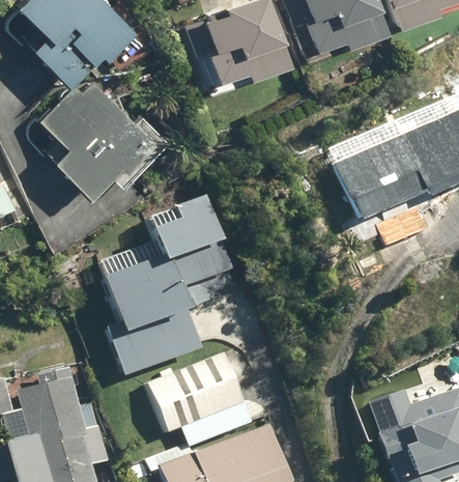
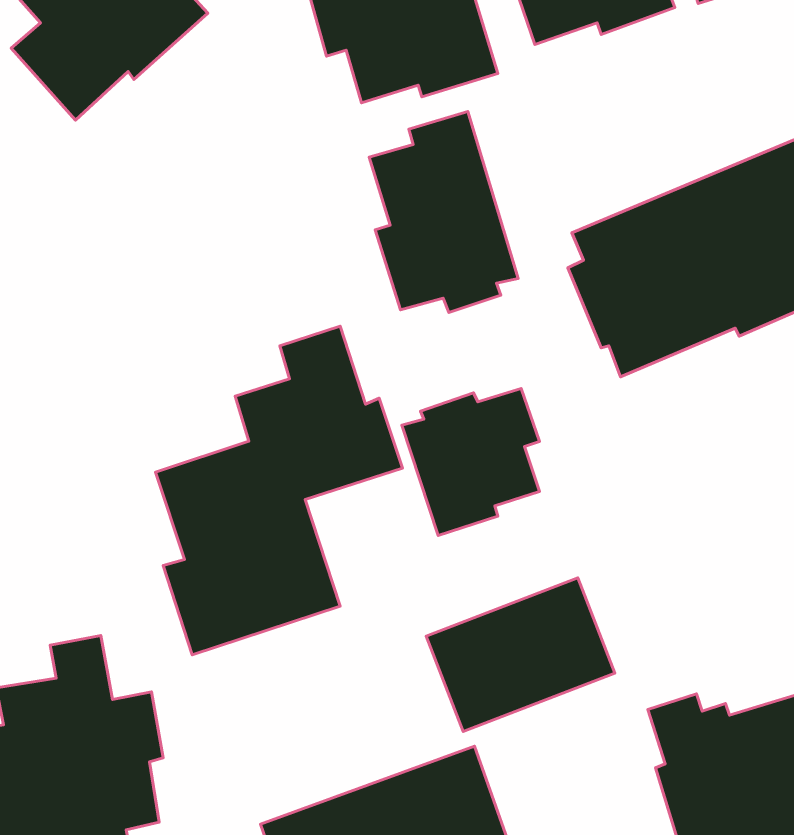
building: none -> [369,112,518,312]
building: [40,88,174,198] -> none
building: none -> [402,389,540,535]
building: [152,351,253,433] -> [426,578,615,731]

